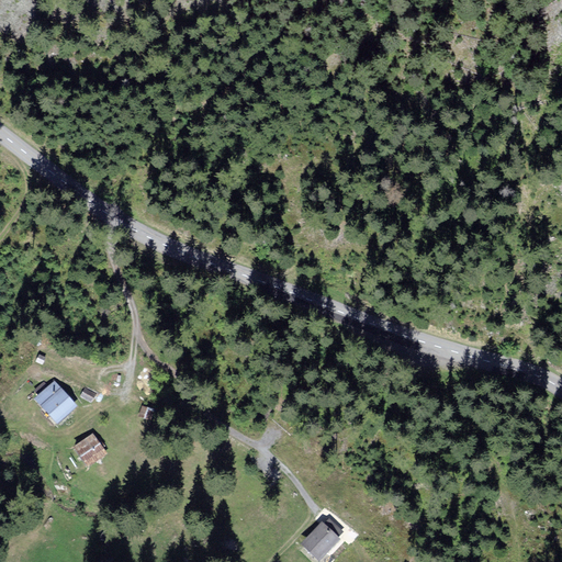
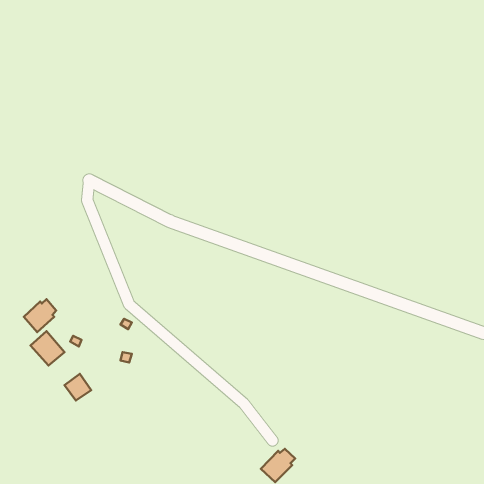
building: none -> [24,299,56,332]

